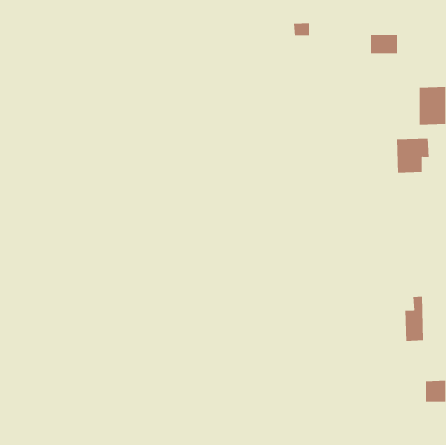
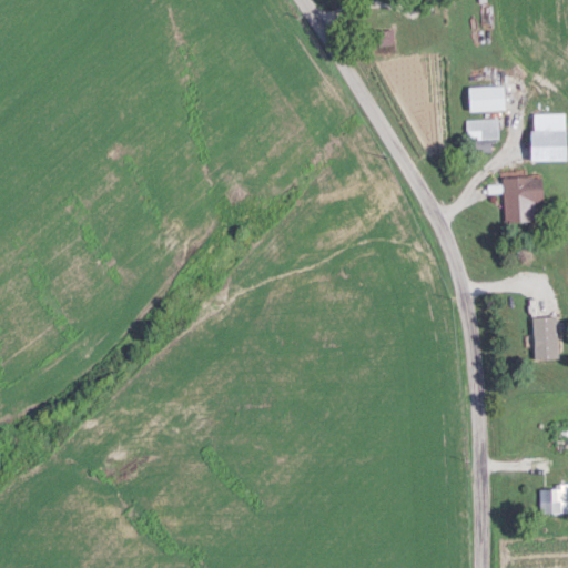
building: [370,35,398,54] -> [470,87,506,111]
building: none -> [466,121,499,151]
building: [405,296,424,342] -> [534,303,558,361]

